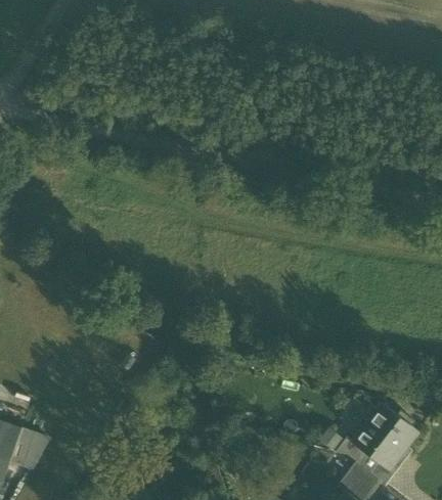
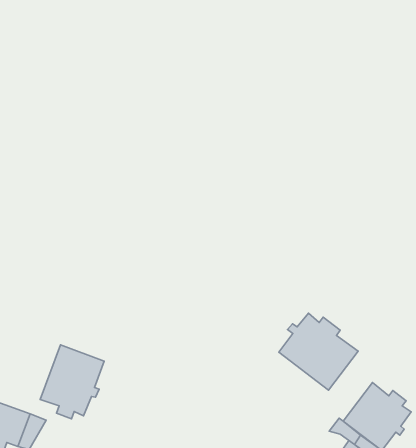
building: none -> [279,313,358,390]
building: none -> [40,345,104,419]

